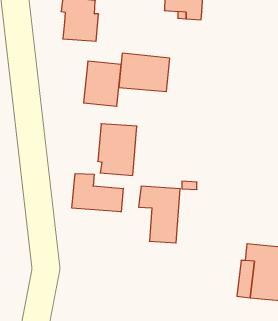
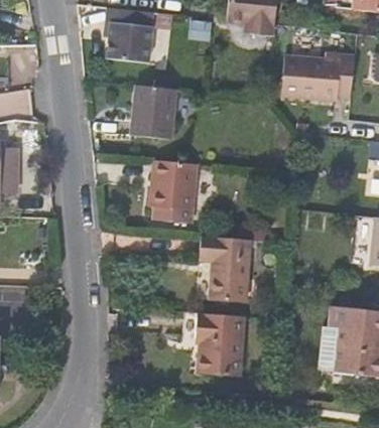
building: [119,53,170,92] -> [282,56,344,103]
building: [72,174,123,212] -> none
building: none -> [197,313,245,379]

